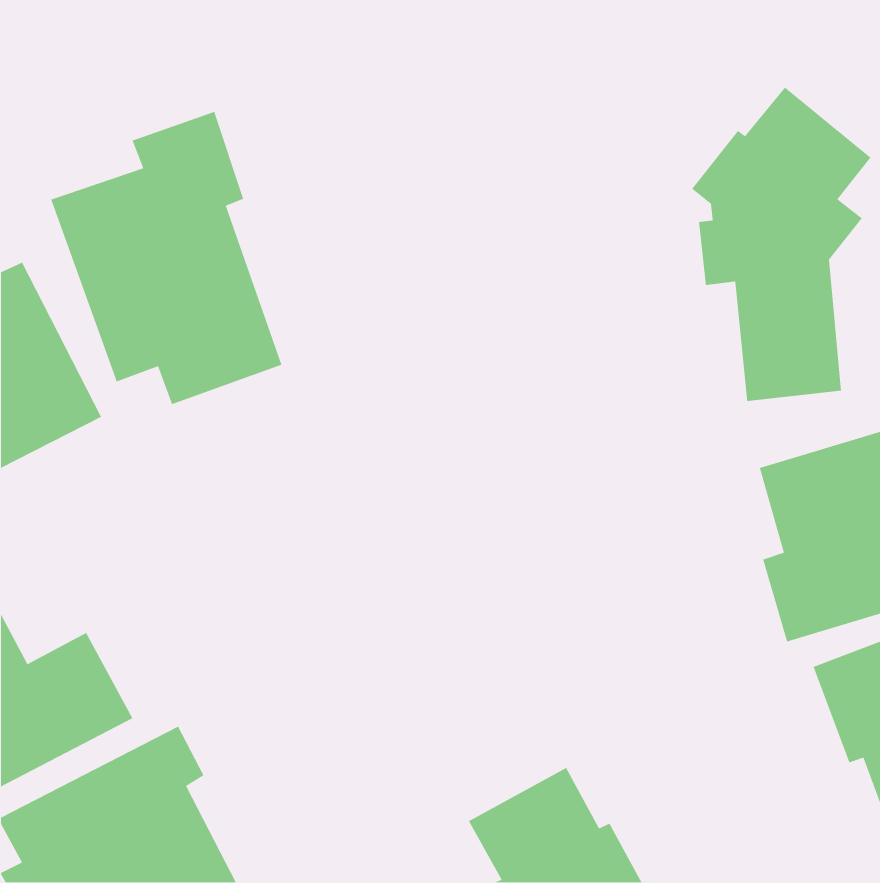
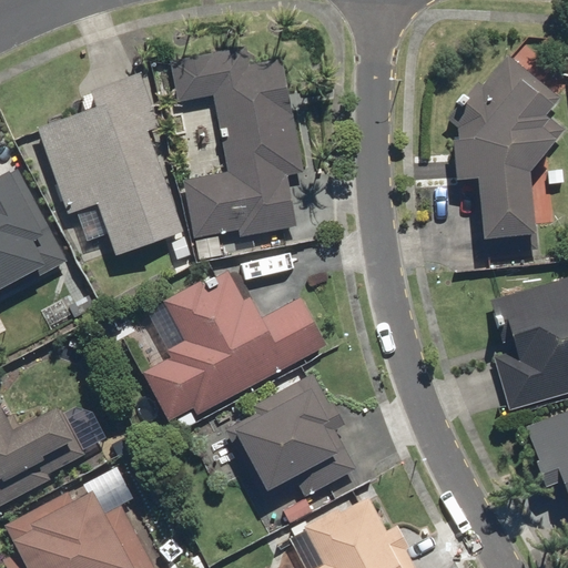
building: none -> [171,47,305,241]
building: none -> [141,271,327,423]
building: none -> [225,373,364,504]

